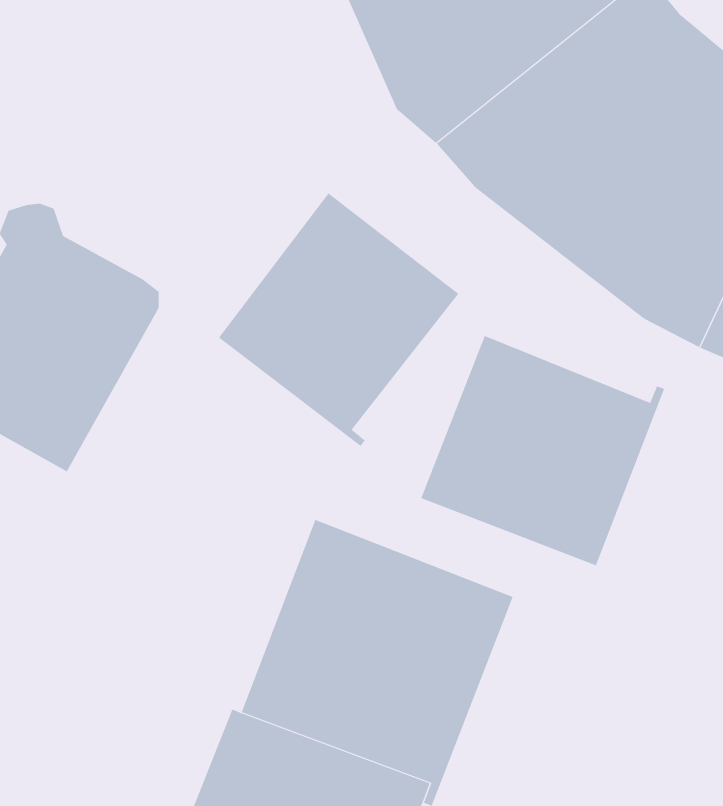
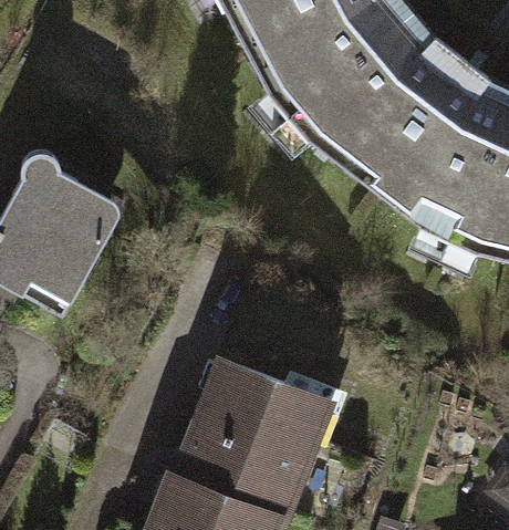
building: [218,193,459,447] -> none
building: [420,335,665,566] -> none

